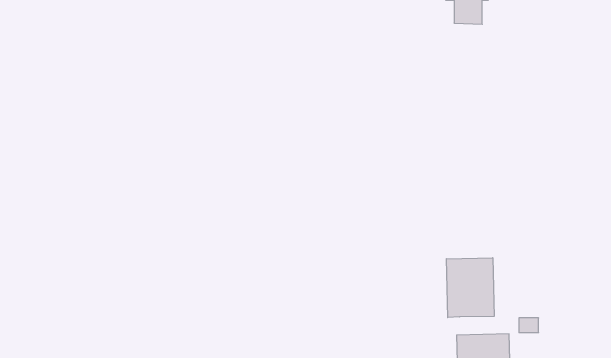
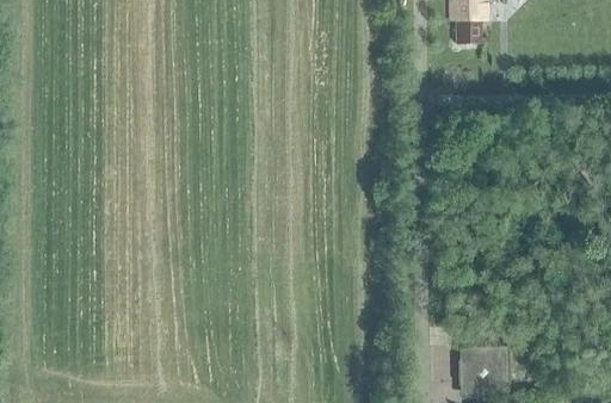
building: [446,258,494,318] -> none

